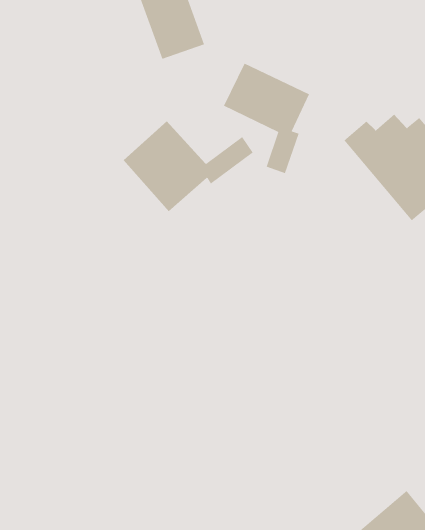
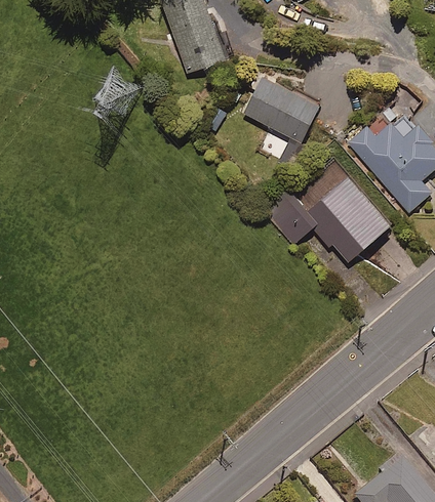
building: [123,120,253,212] -> none
building: none -> [263,163,391,264]

